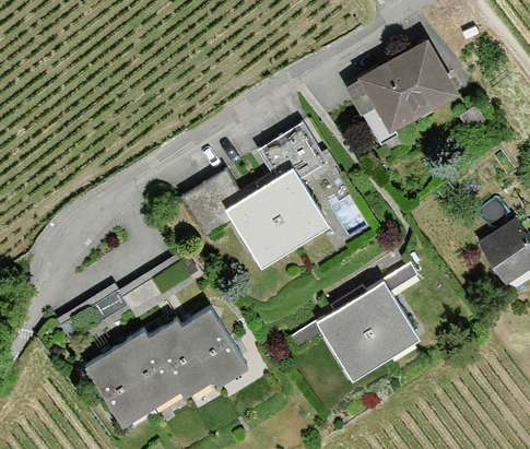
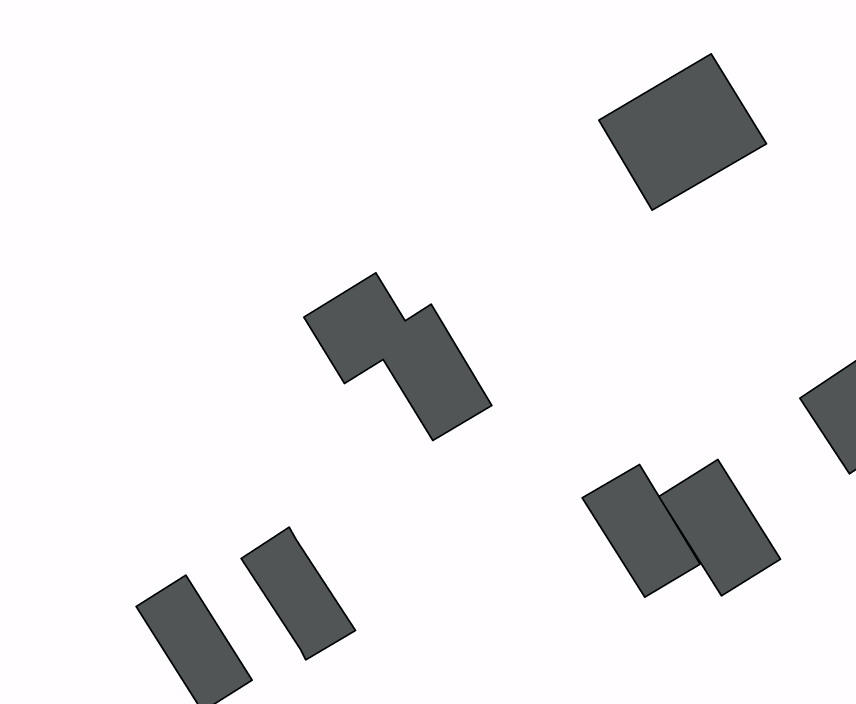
building: [259,122,329,247] -> none
building: [315,302,387,382] -> [659,460,780,596]
building: [180,309,247,386] -> none
building: [115,330,182,410] -> none

